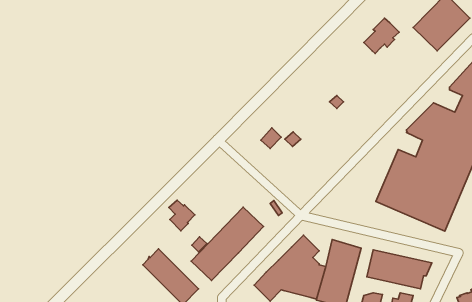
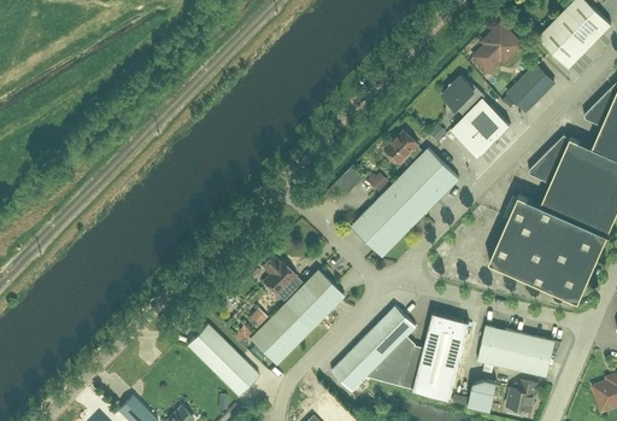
building: none -> [507,65,554,112]
building: none -> [442,76,511,158]
building: none -> [384,131,418,164]
building: none -> [351,148,459,257]
building: [169,200,195,231] -> [262,257,295,297]

